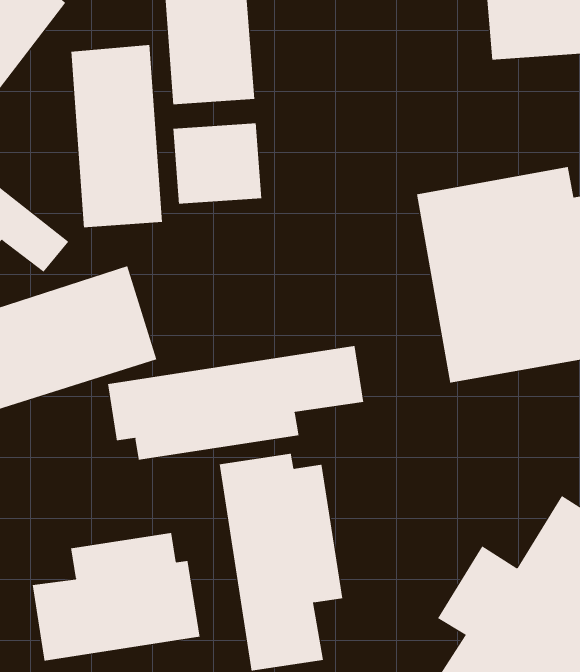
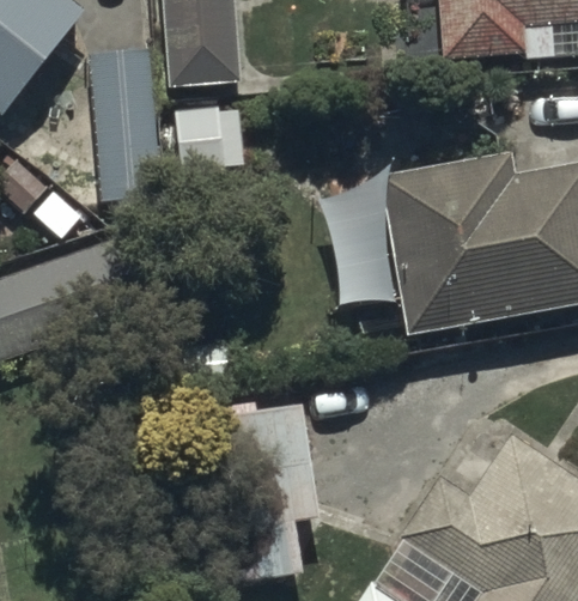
building: [107,345,364,461] -> none
building: [32,532,200,661] -> none

